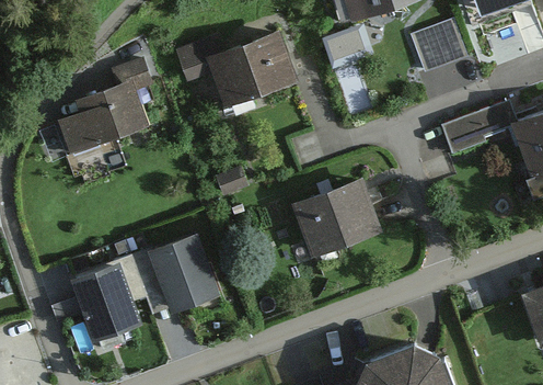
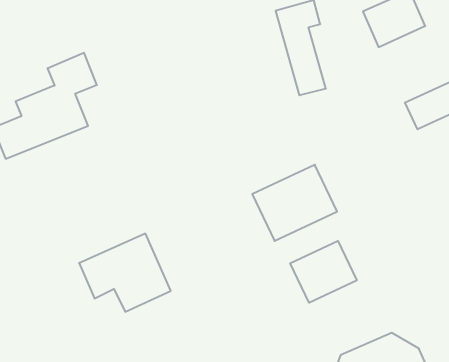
building: [178,35,294,102] -> none
building: none -> [290,241,357,303]
building: [72,254,142,329] -> none

